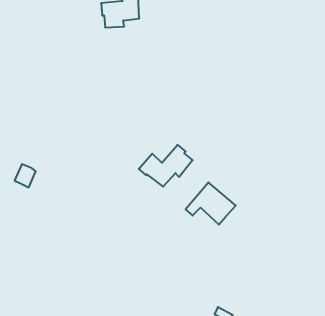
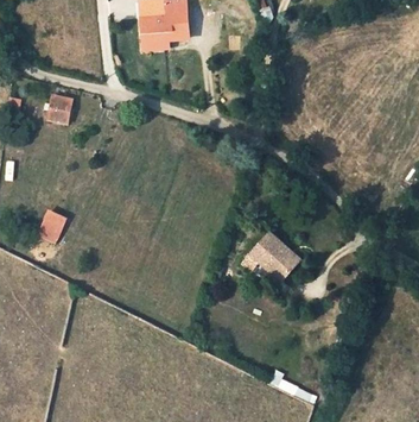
building: none -> [43,95,71,124]
building: [139,145,193,187] -> none

